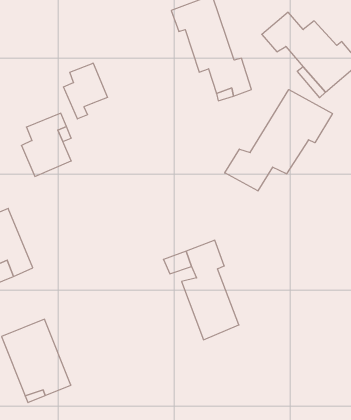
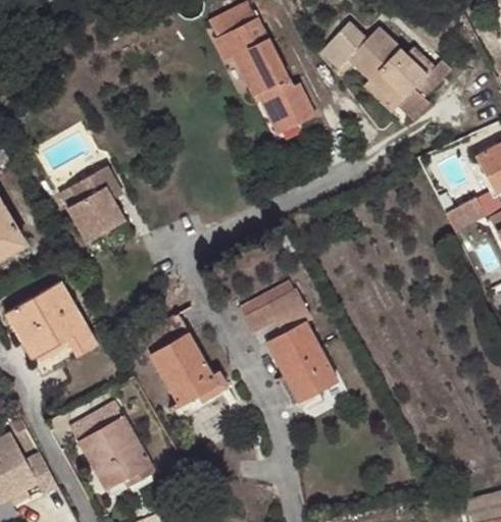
building: [64,63,107,119] -> none
building: [225,90,332,191] -> none
building: none -> [138,313,226,410]

